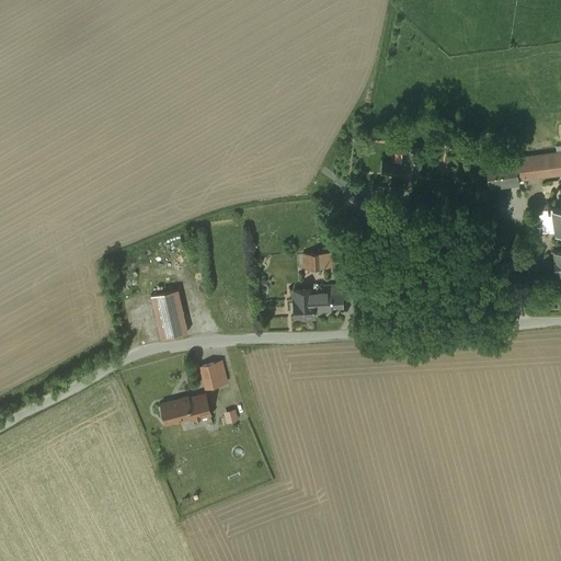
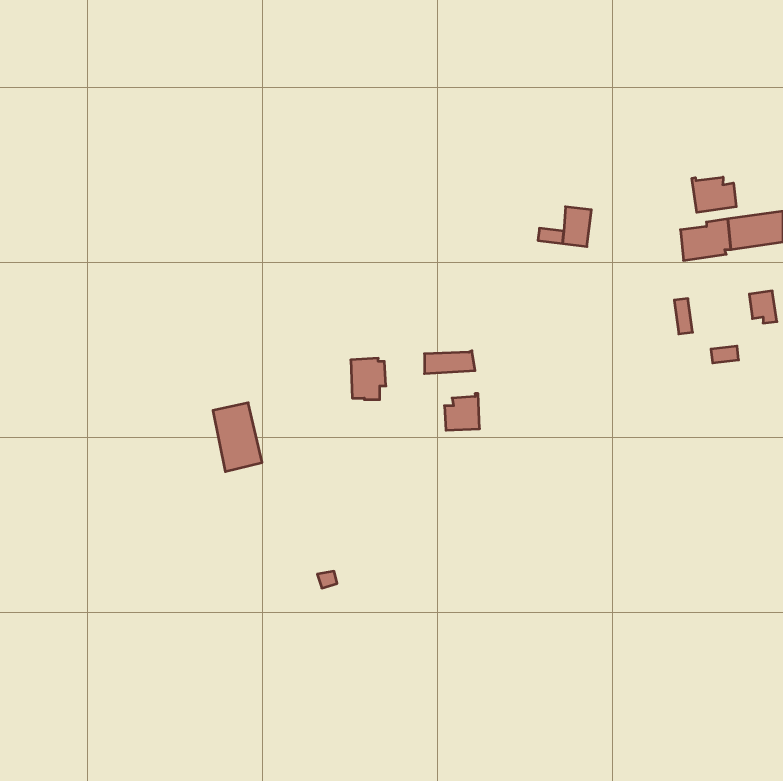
building: none -> [692,177,736,212]
building: [294,289,319,319] -> [351,358,386,400]
building: [201,358,229,388] -> none
building: [160,393,213,426] -> none

